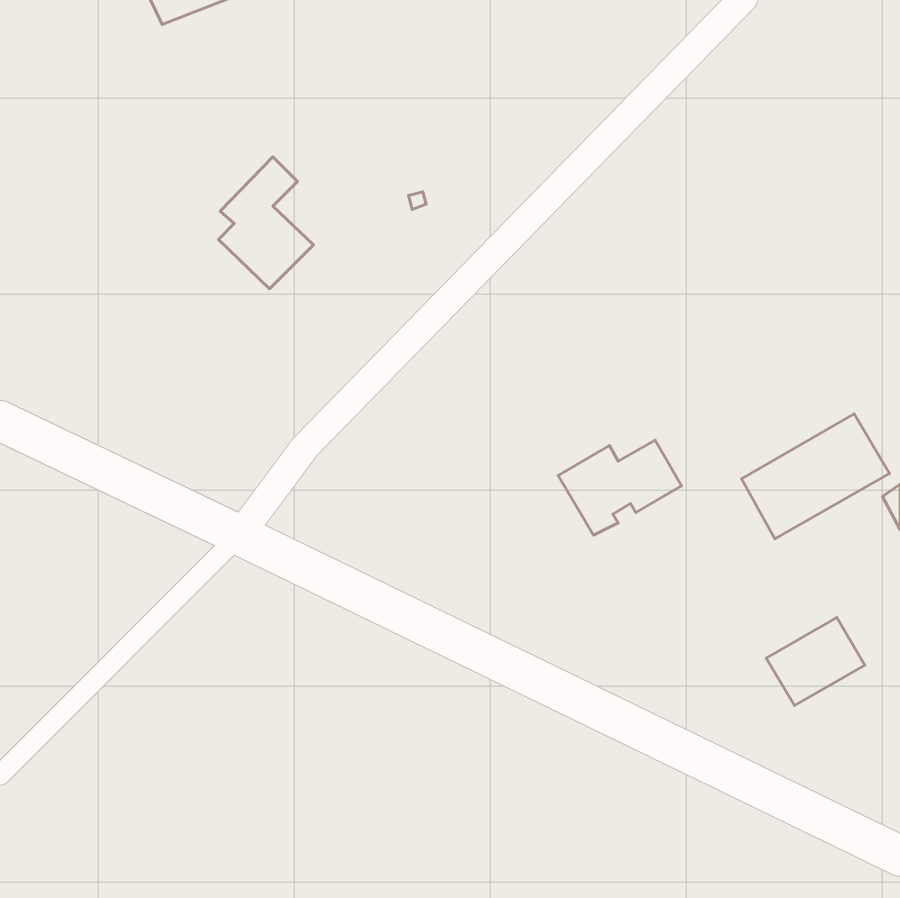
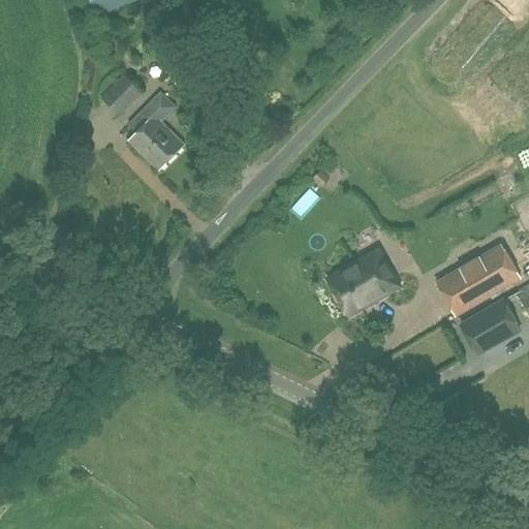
building: none -> [101,74,143,115]
building: [766,618,865,706] -> [461,301,519,352]

